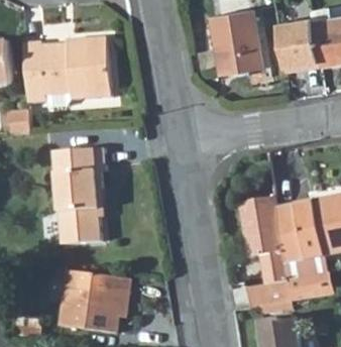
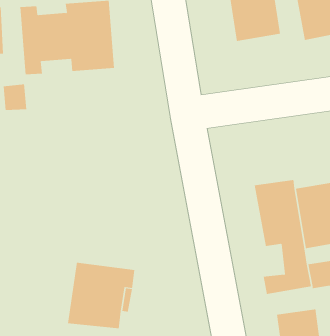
building: [56,149,108,244] -> none

